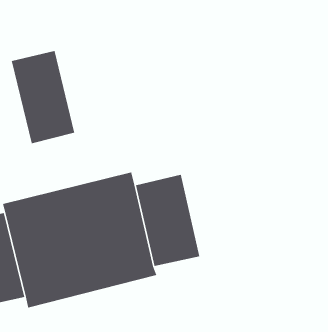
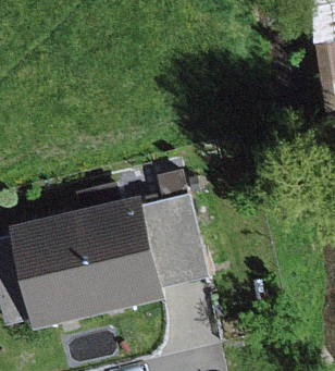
building: [11,50,75,144] -> none

